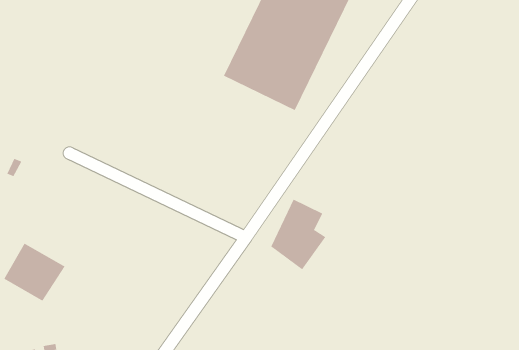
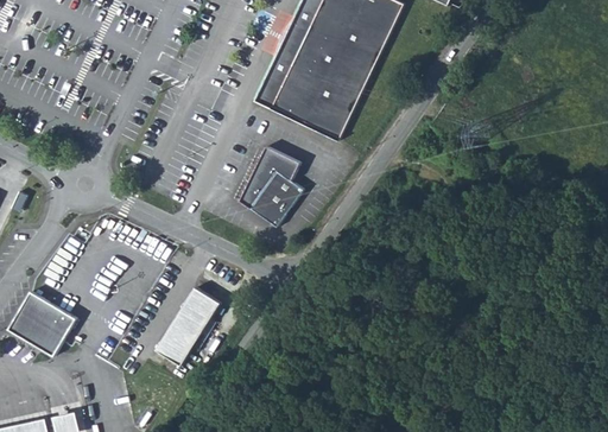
building: [271,199,326,270] -> [241,140,305,222]
building: none -> [157,285,221,363]

